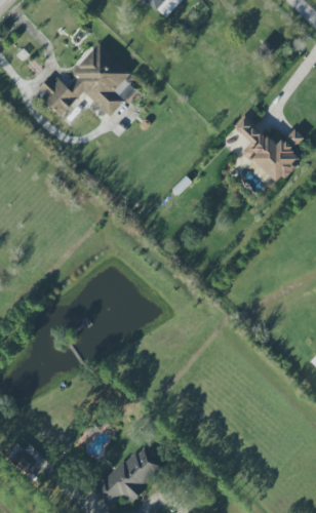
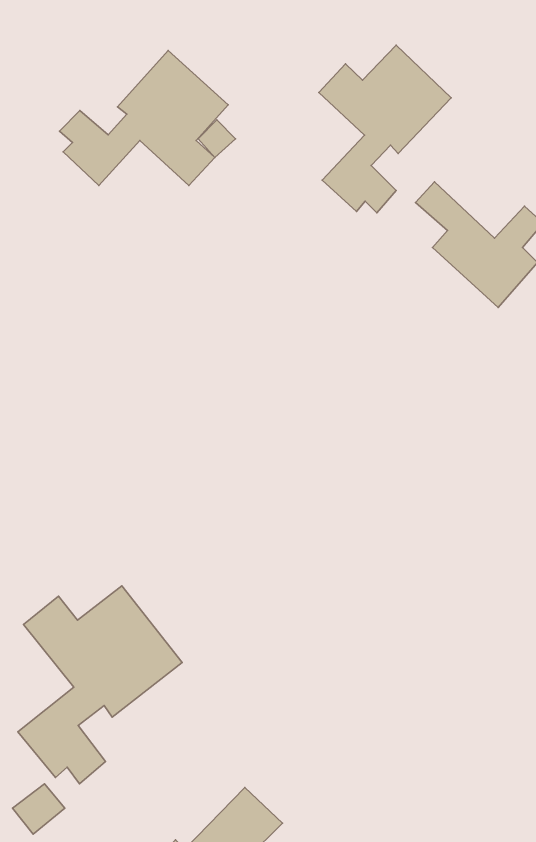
building: none -> [319,45,451,213]
building: none -> [18,586,182,784]

